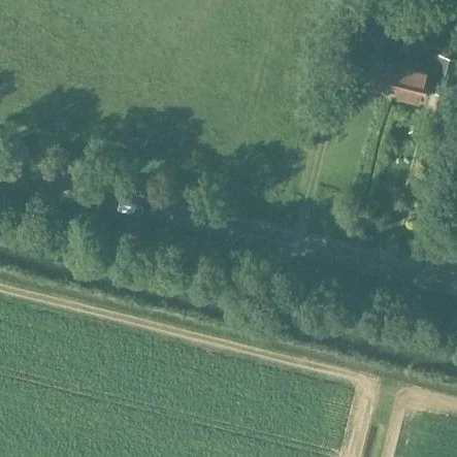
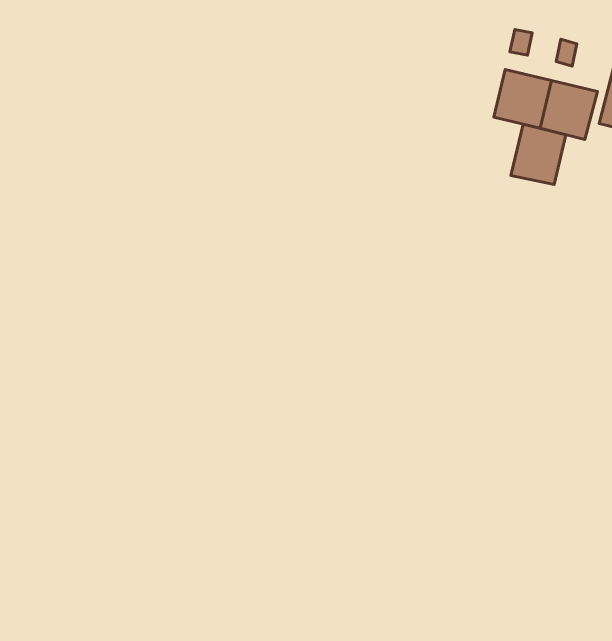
building: none -> [511,124,566,185]

